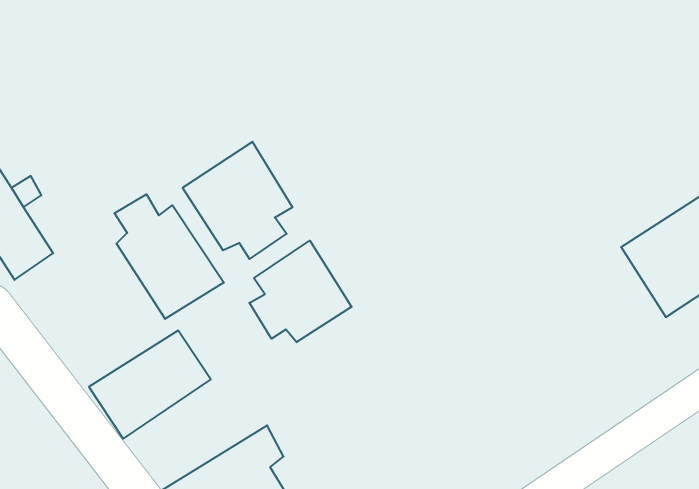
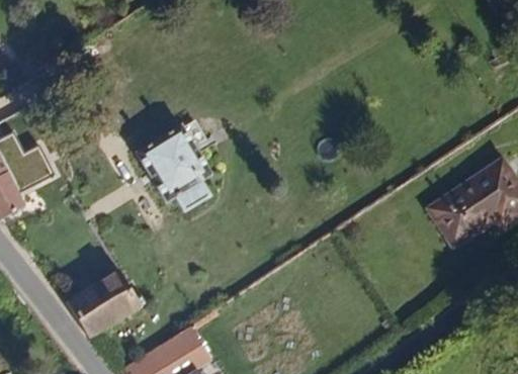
building: [114,194,224,319] -> none
building: [249,241,352,342] -> none

